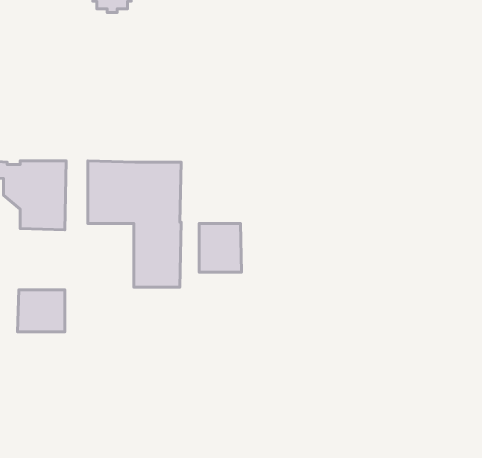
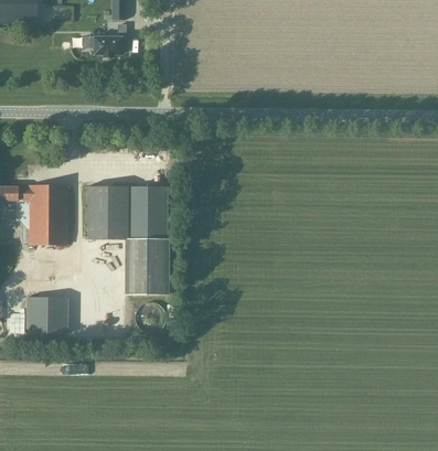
building: [199,224,242,272] -> none

